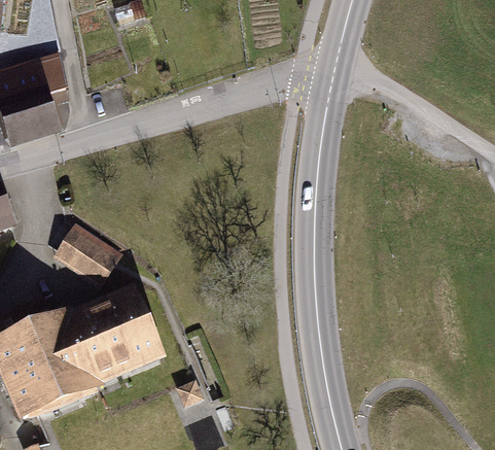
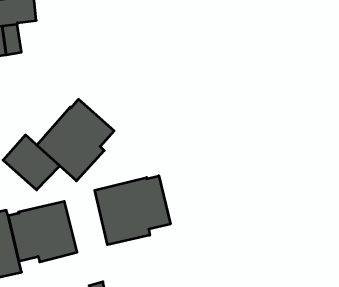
building: none -> [37,99,114,181]
building: none -> [95,176,170,245]

